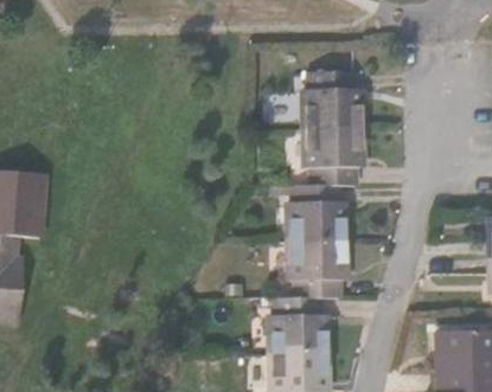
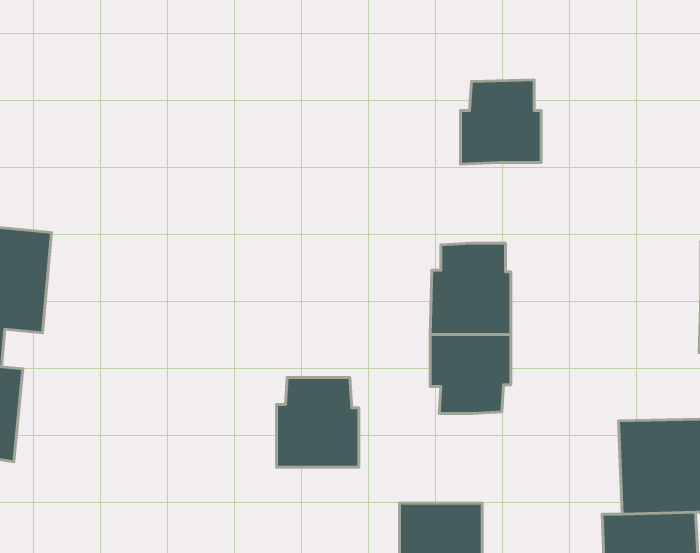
building: [315,131,369,185] -> none
building: [275,297,330,356] -> [276,377,359,467]

